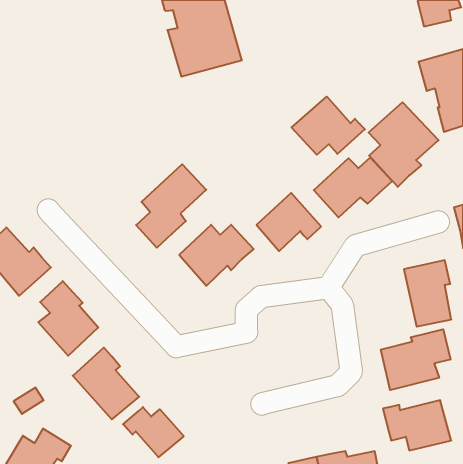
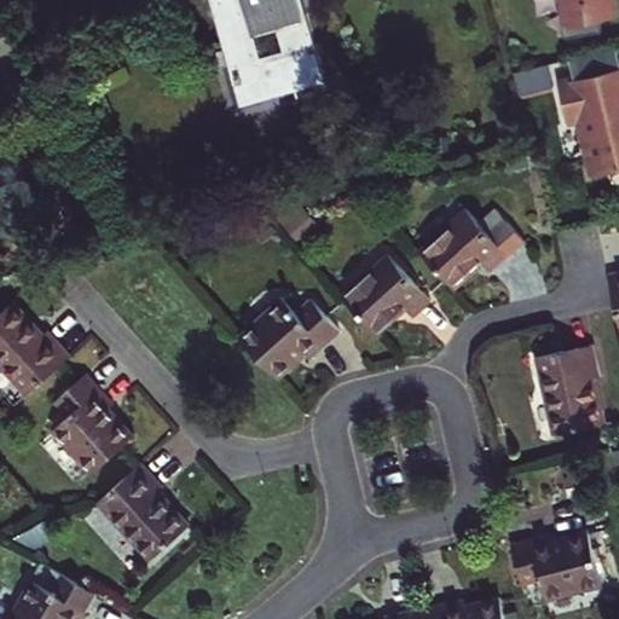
building: [292,97,365,155] -> none
building: [369,102,439,187] -> none
building: [136,164,206,248] -> none
building: [381,329,450,390] -> none
building: [123,407,184,457] -> none

